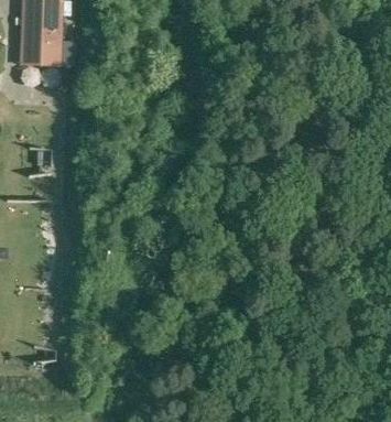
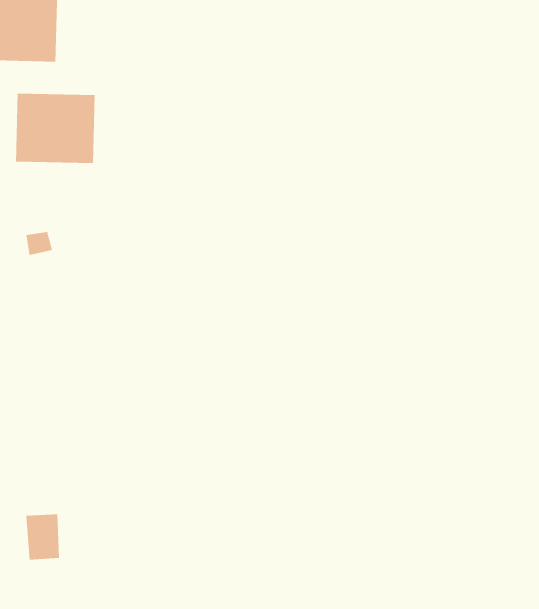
building: none -> [16,93,95,164]

